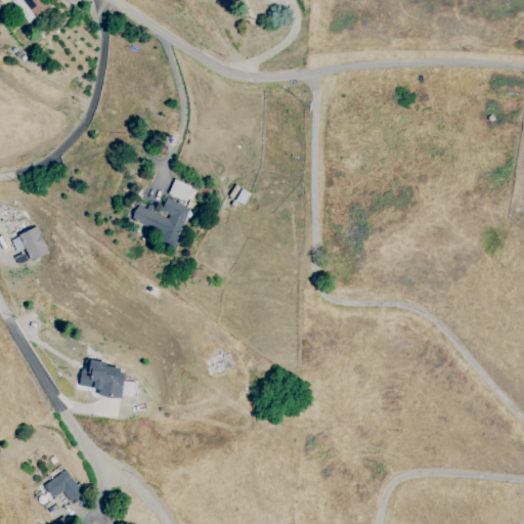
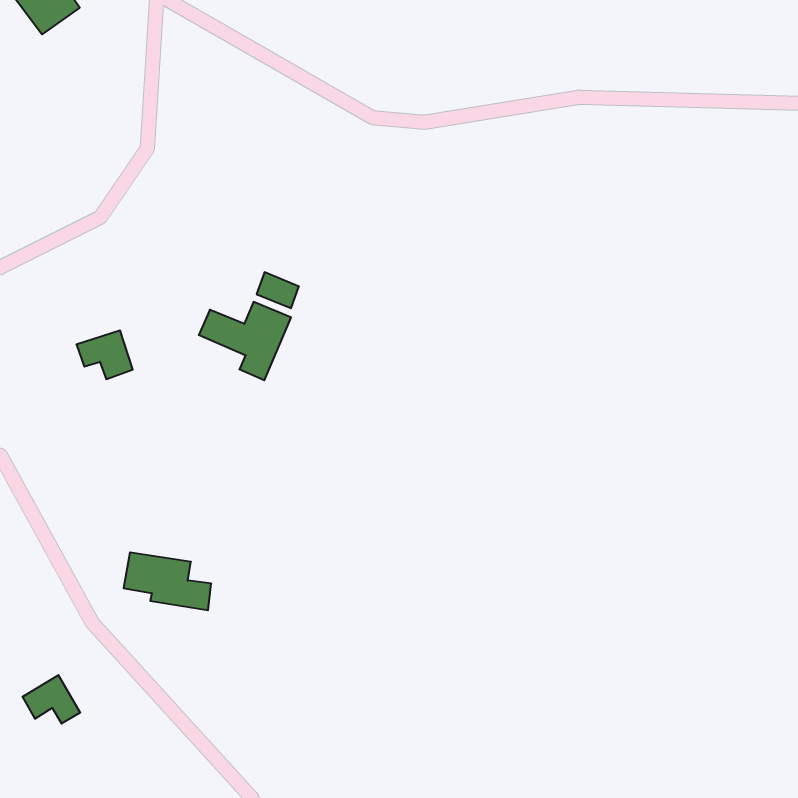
building: [10,227,47,259] -> [76,331,133,379]
building: [44,469,82,500] -> [22,675,80,724]

